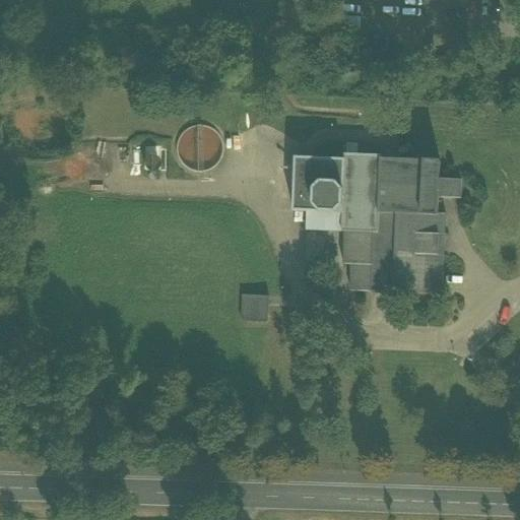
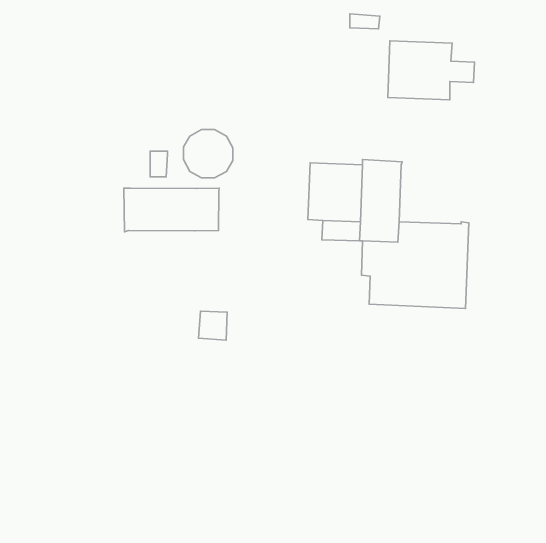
building: [378,156,460,212] -> [388,41,475,100]
building: none -> [124,188,219,232]
building: [240,292,267,320] -> [198,311,227,340]

